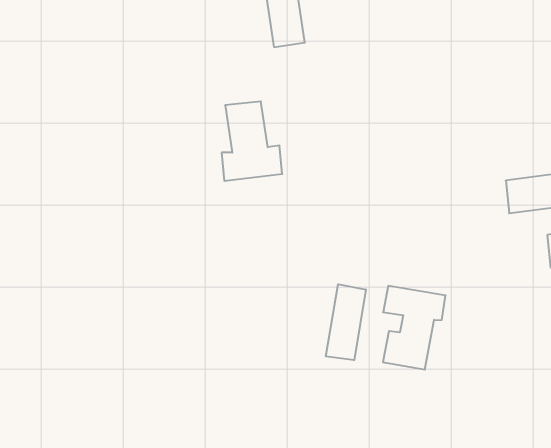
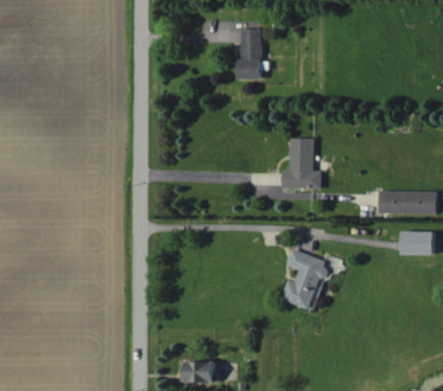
building: [222,101,282,181] -> [282,138,322,189]
building: [326,284,366,360] -> none

